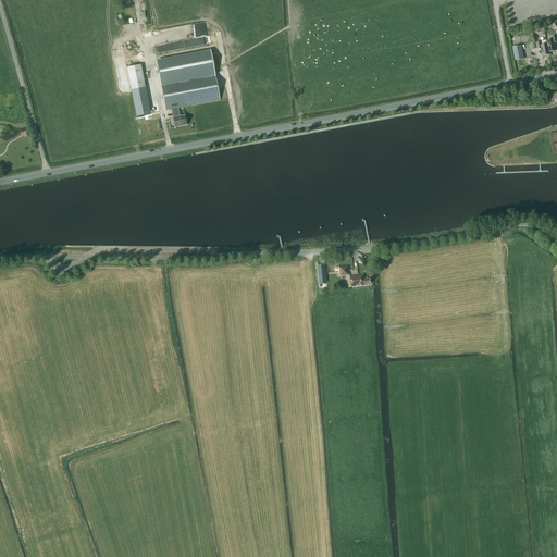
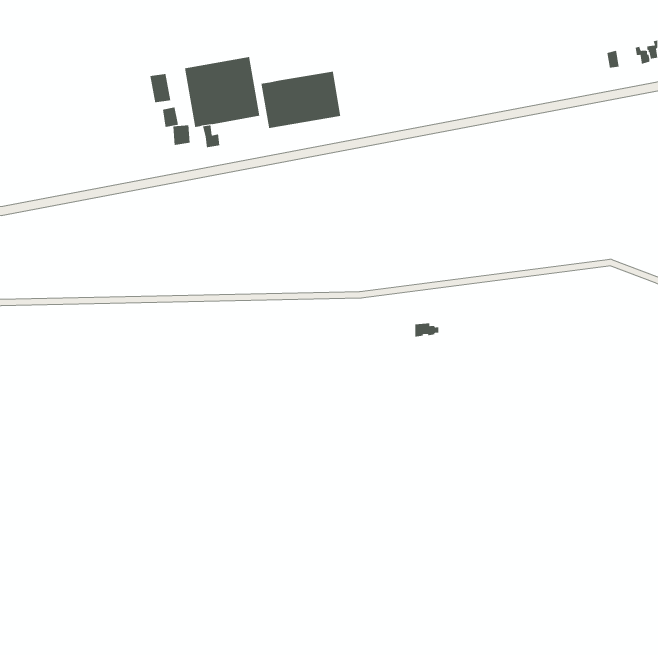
building: none -> [261,71,341,129]

